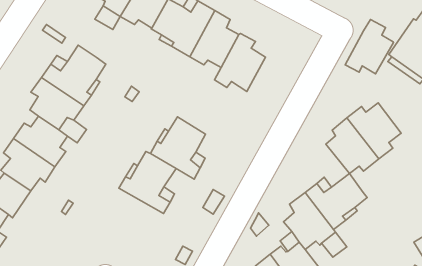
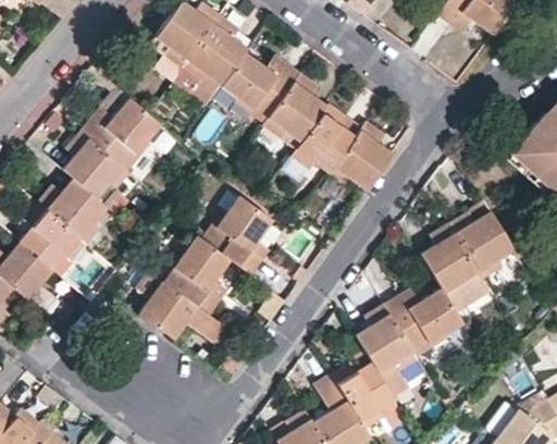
building: none -> [174,66,222,106]
building: [345,19,393,74] -> [330,123,392,190]
building: none -> [444,275,493,314]
building: none -> [136,269,225,343]

